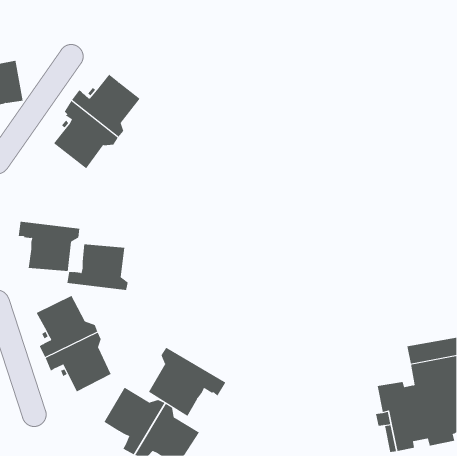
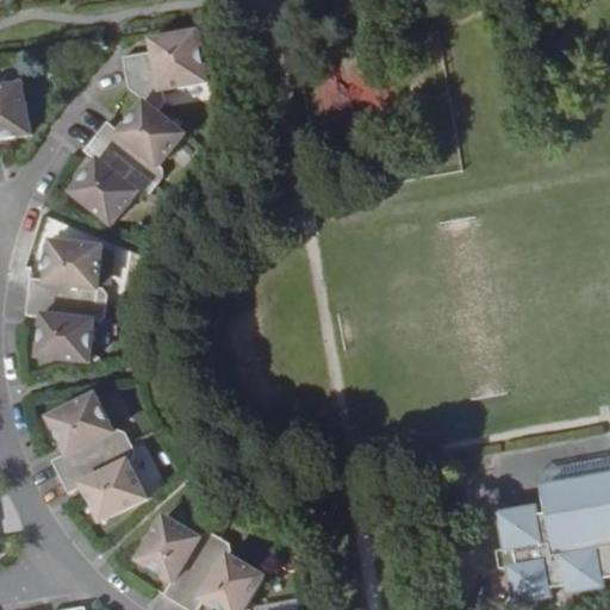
building: none -> [122,30,208,108]
building: [67,244,129,291] -> [26,241,108,303]
building: [148,347,226,417] -> none

